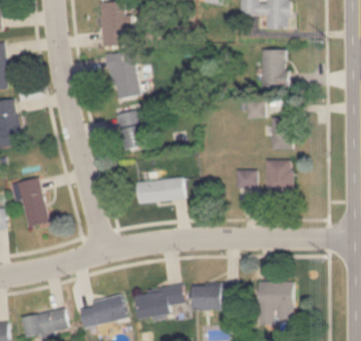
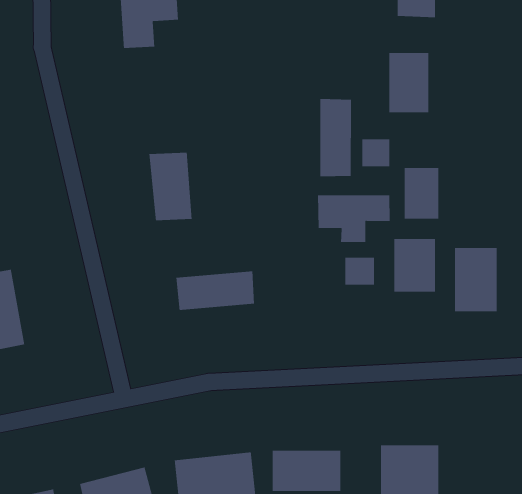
building: [107,51,140,99] -> none
building: none -> [320,98,352,177]
building: none -> [317,195,391,243]
building: none -> [454,247,497,312]

